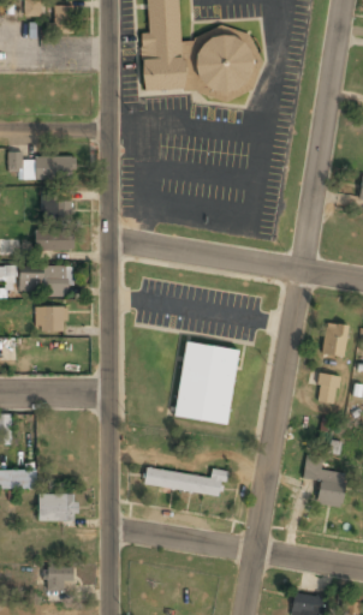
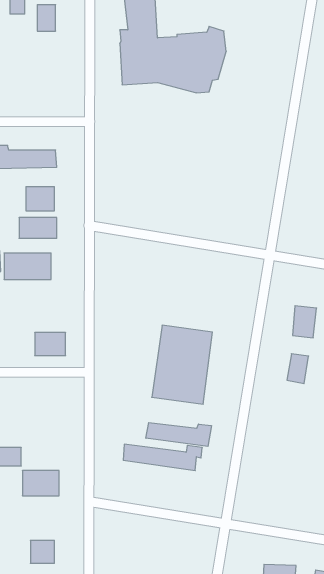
building: [35,308,67,332] -> [35,333,66,356]
building: none -> [146,423,211,446]
building: [303,454,346,506] -> none

